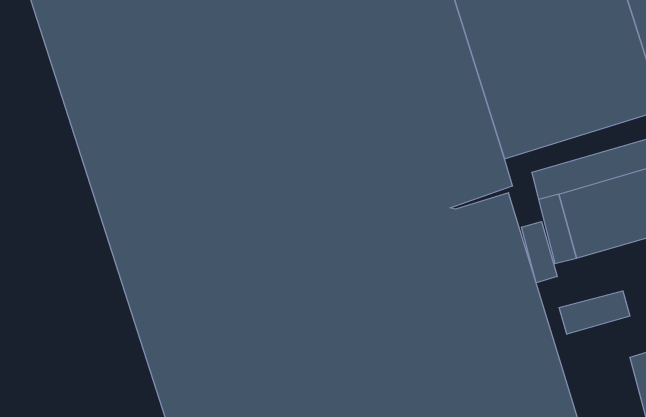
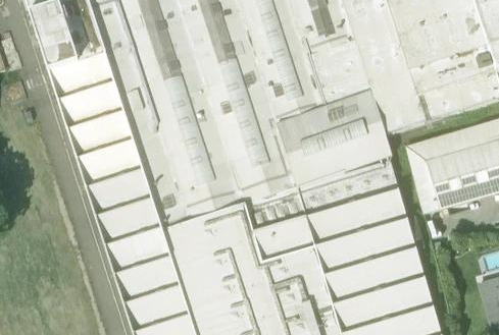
building: [522,222,557,283] -> none
building: [559,291,630,334] -> none

